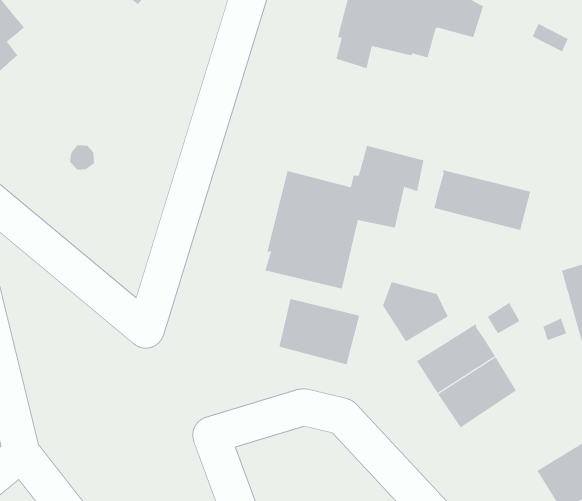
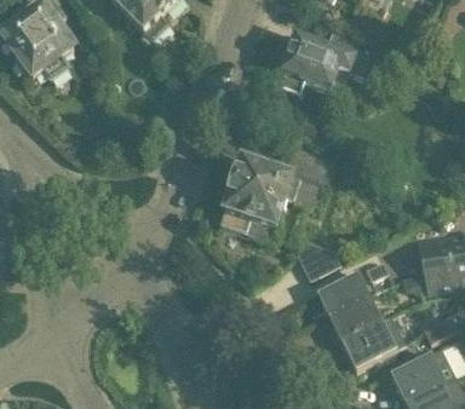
building: [434,169,531,231] -> none
building: [279,298,360,365] -> none
building: none -> [340,312,404,367]

